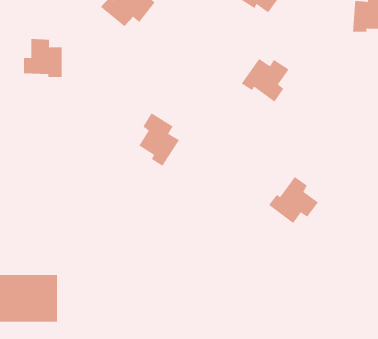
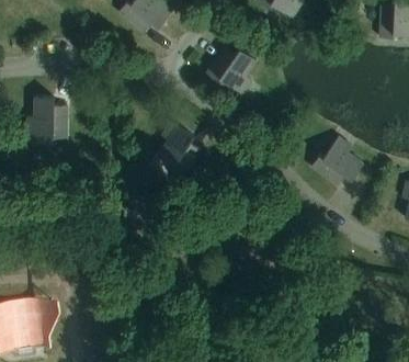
building: [23,38,62,78] -> [26,97,67,137]
building: [241,58,290,102] -> [205,47,255,93]
building: [268,176,319,224] -> [310,136,363,185]

